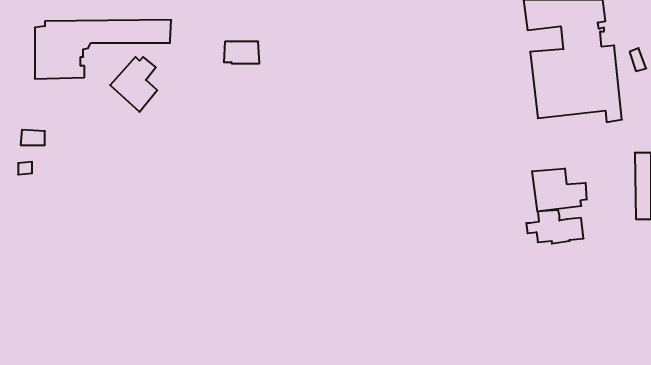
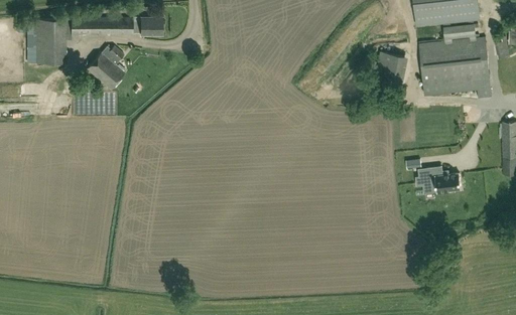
building: [224,42,259,63] -> [135,16,163,33]
building: none -> [374,49,405,90]
building: [532,168,587,212] -> none

